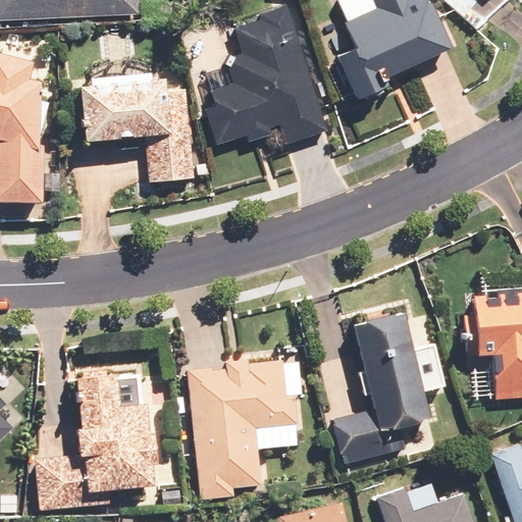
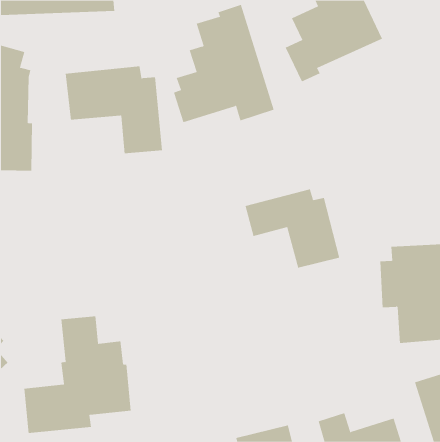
building: none -> [245,188,340,268]
building: [331,309,438,465] -> none
building: [187,356,303,500] -> none

